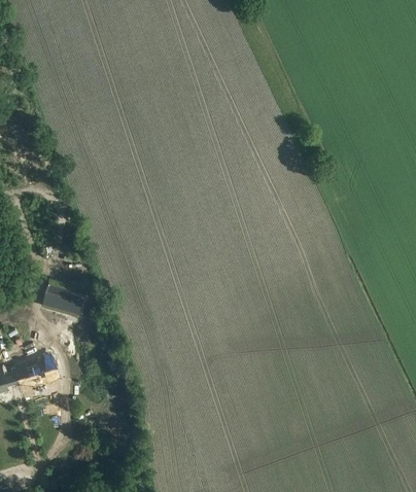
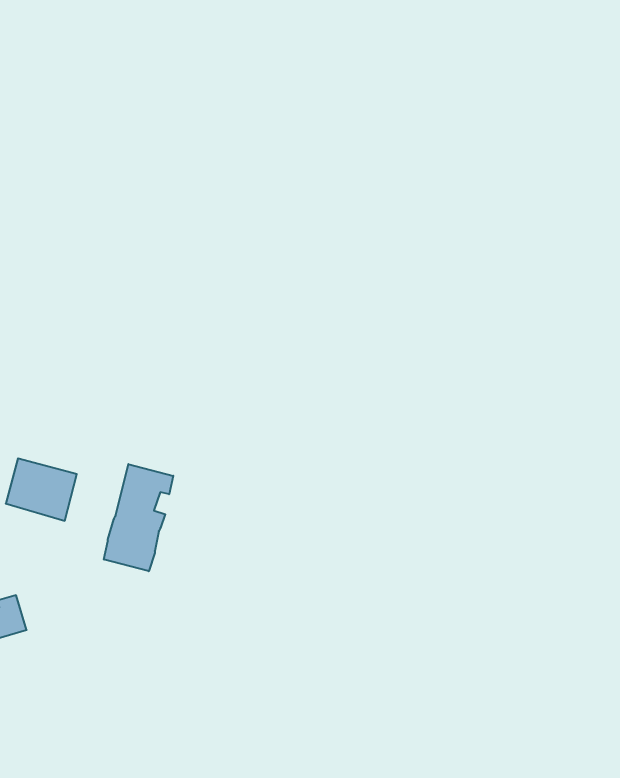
building: none -> [104,464,173,571]

